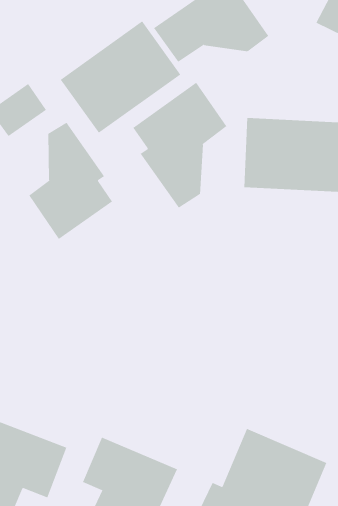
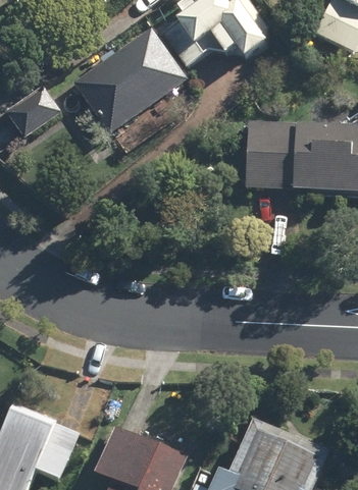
building: [133,82,227,209] -> none
building: [28,122,113,240] -> none

